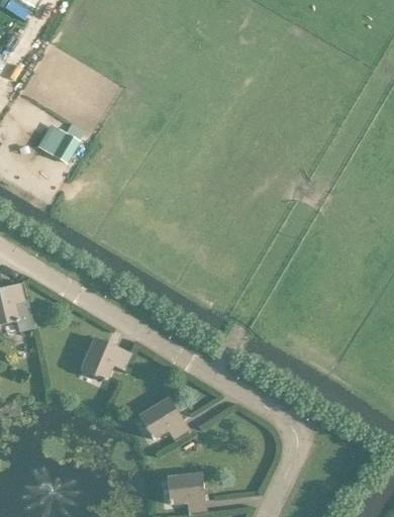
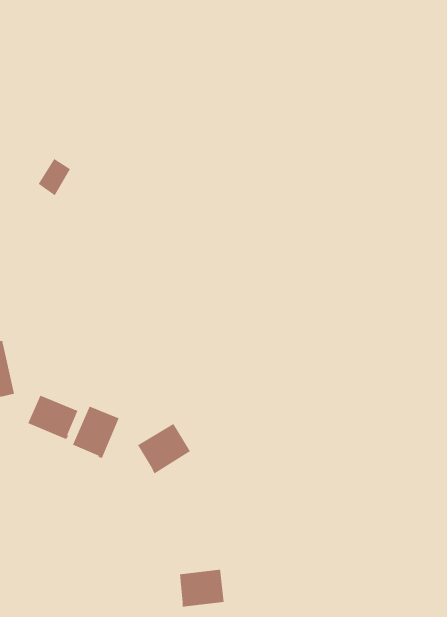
building: none -> [28,395,78,440]
building: [139,396,184,438] -> [137,423,191,474]

